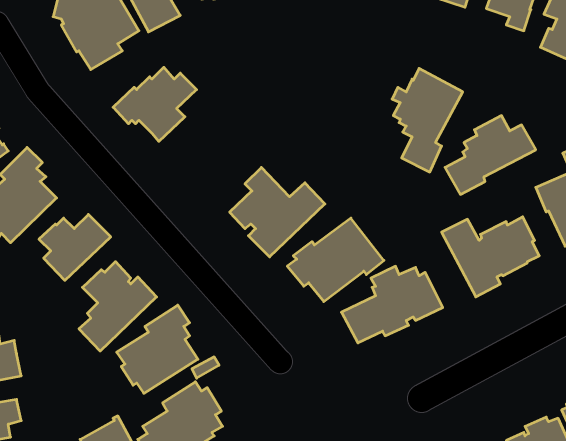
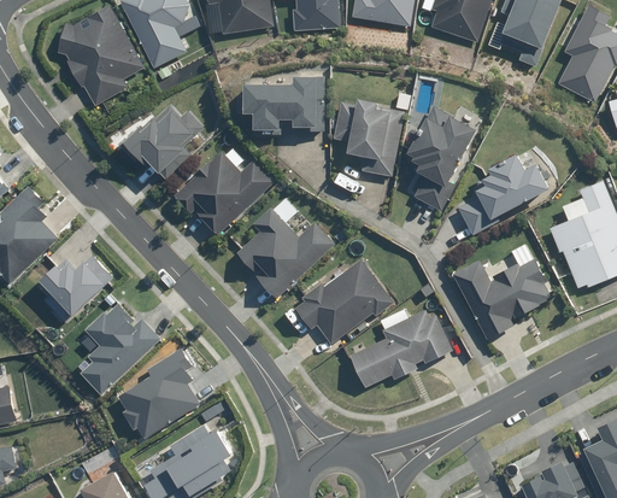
building: none -> [239,75,322,131]
building: none -> [330,98,402,176]
building: none -> [172,151,272,235]

